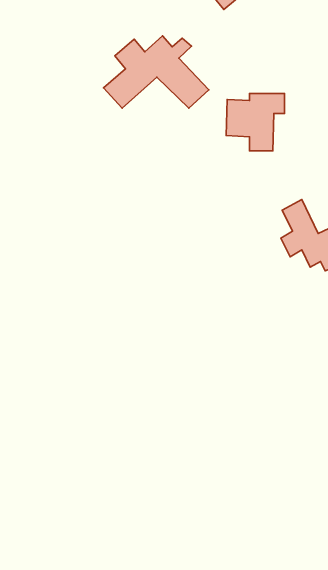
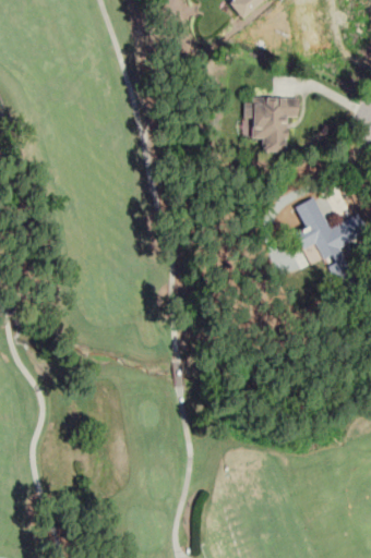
building: [103,36,209,108] -> none

